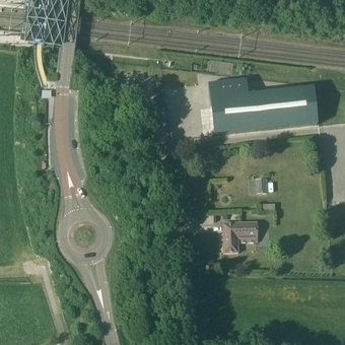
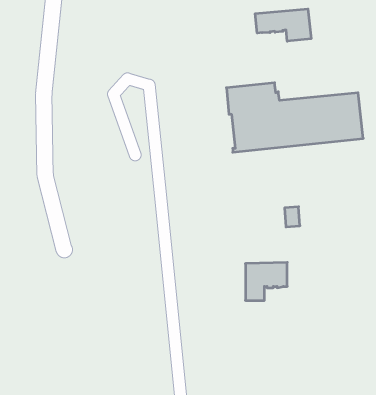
building: none -> [255,9,311,41]

